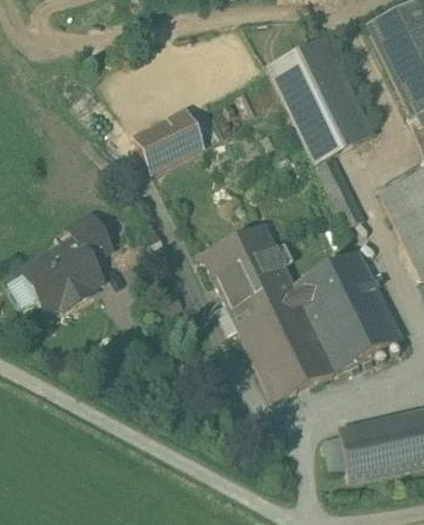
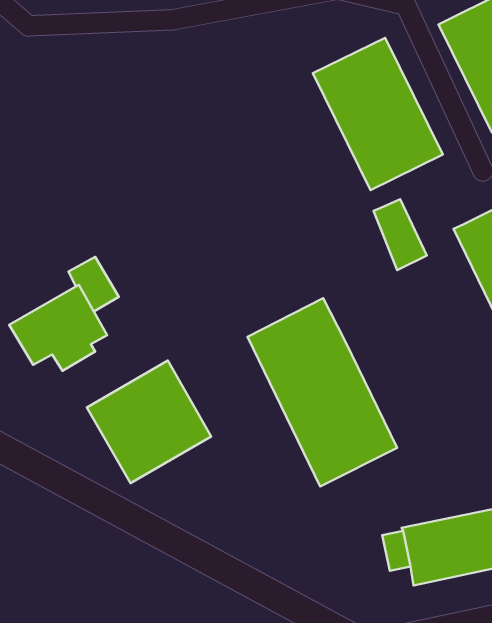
building: [134,108,203,170] -> none
building: [203,219,276,277] -> none
building: [294,249,399,367] -> none
building: none -> [87,361,211,483]

